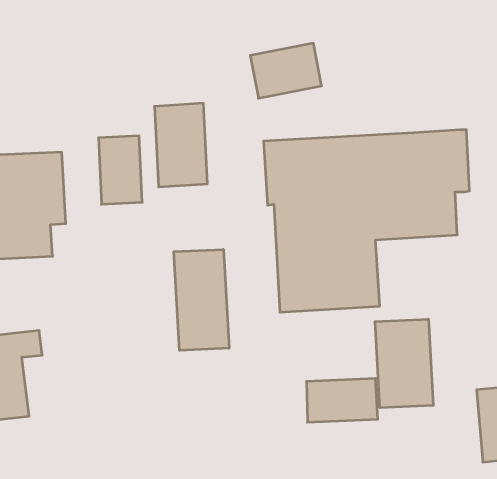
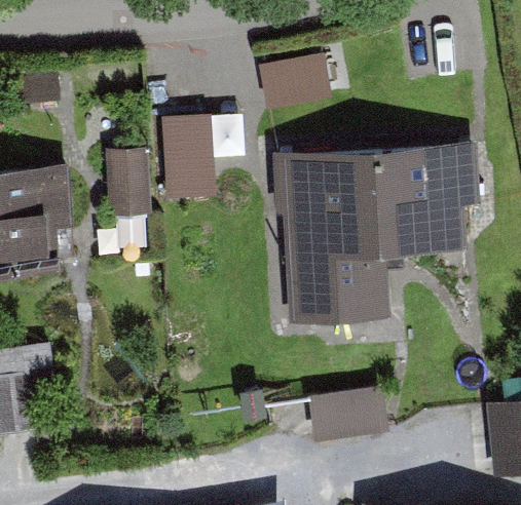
building: [174,249,229,350] -> none
building: [375,319,433,408] -> none

